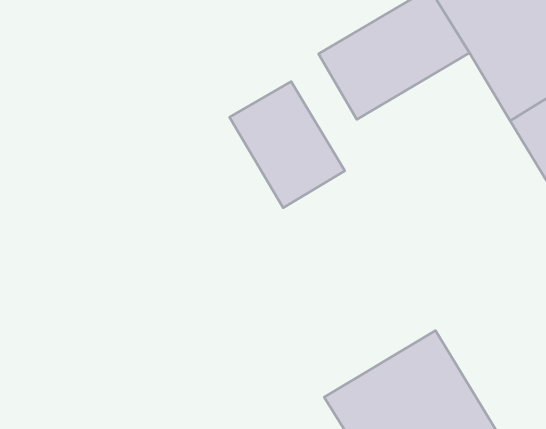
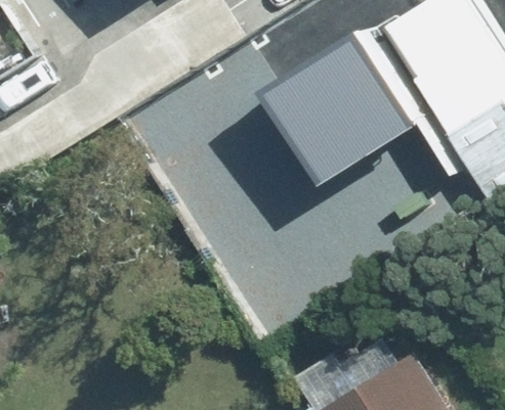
building: [229,82,345,208] -> none

